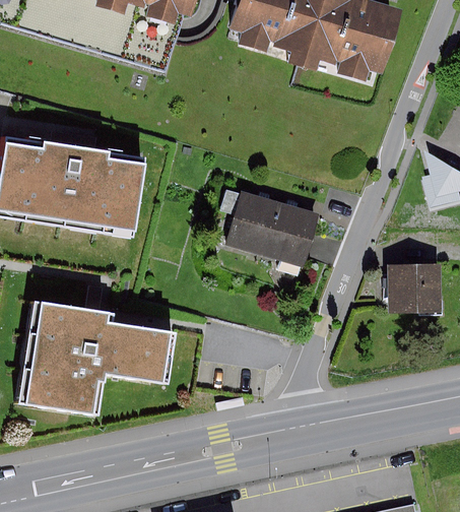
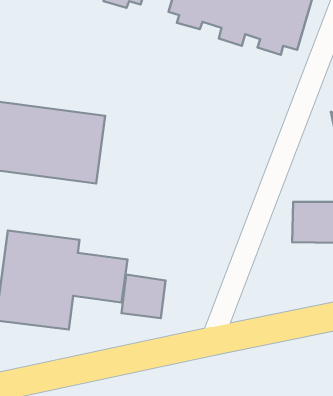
building: [224,191,320,269] -> none
building: none -> [121,275,165,318]

